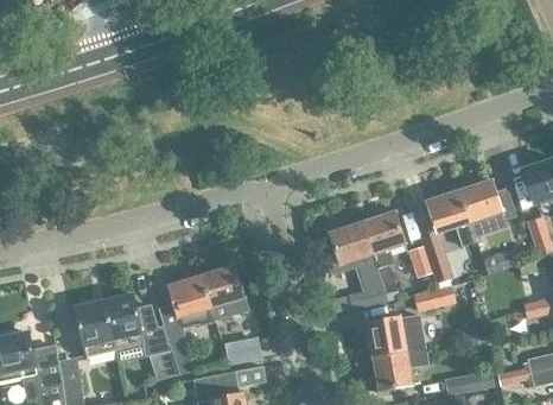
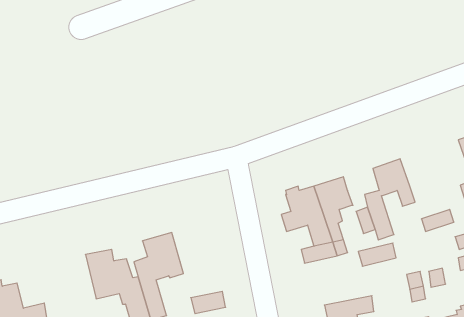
building: [459,175,502,222] -> none
building: [202,265,247,321] -> none
building: [76,299,116,356] -> none
building: [368,316,427,356] -> none

